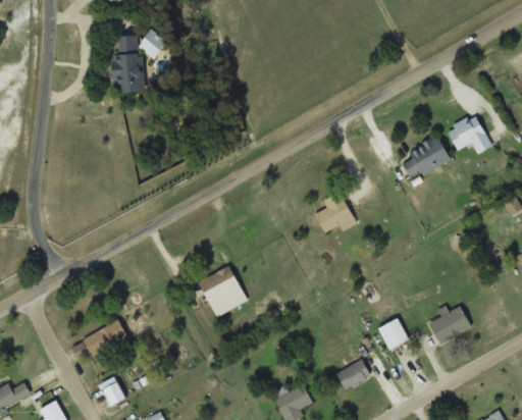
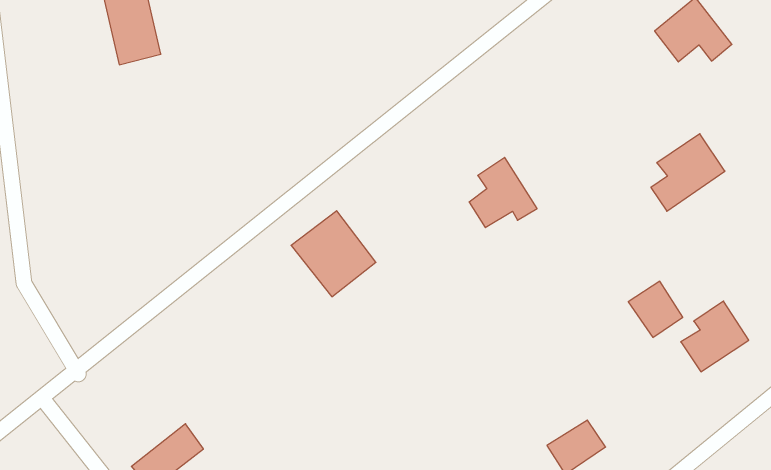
building: [403,136,450,179] -> [651,134,725,211]
building: [198,265,248,317] -> [291,211,376,297]
building: [377,317,409,351] -> [628,281,683,337]

